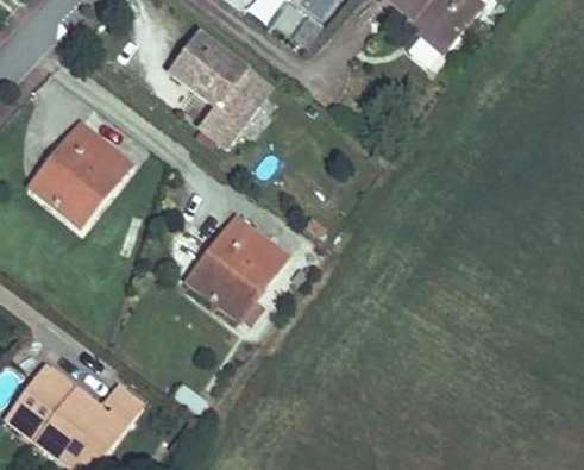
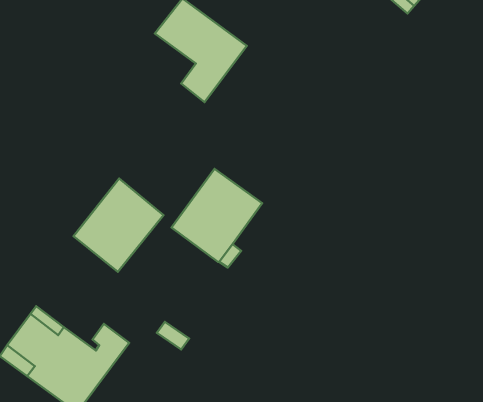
building: [32,123,128,223] -> [74,179,163,272]

